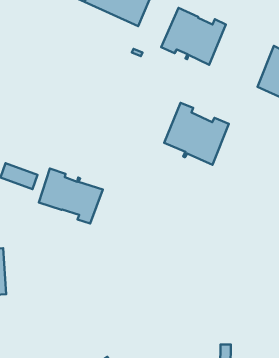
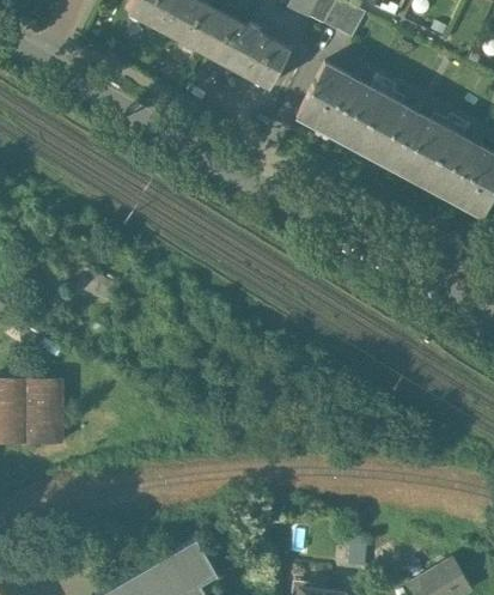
building: [164,103,229,165] -> [362,91,453,180]
building: [39,168,103,223] -> none

